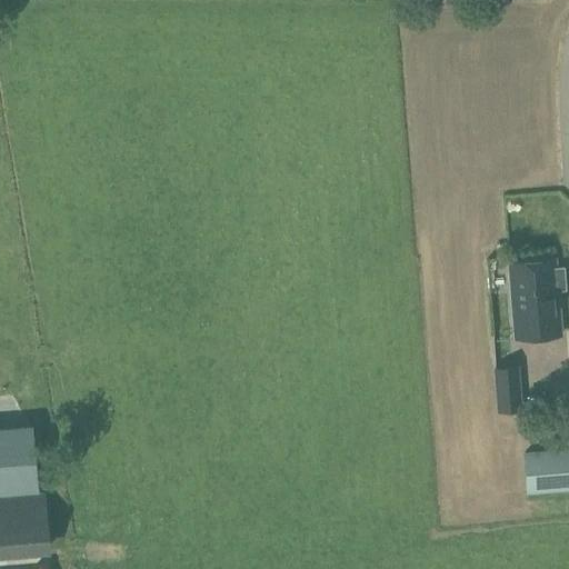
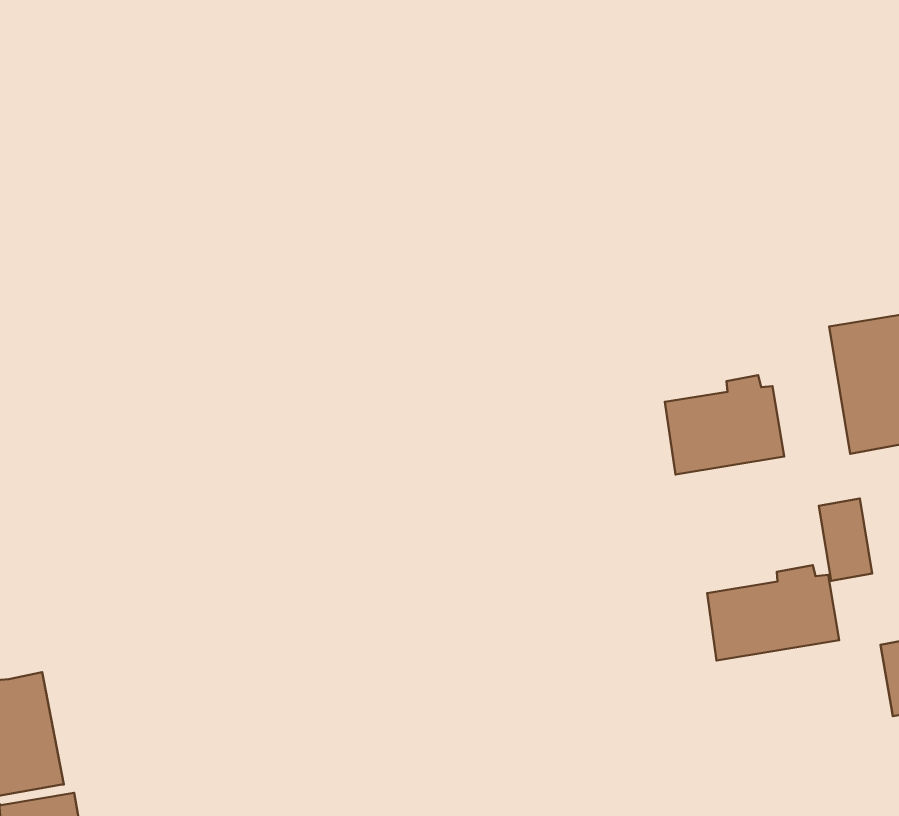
building: none -> [665,375,784,474]
building: none -> [707,565,839,660]

